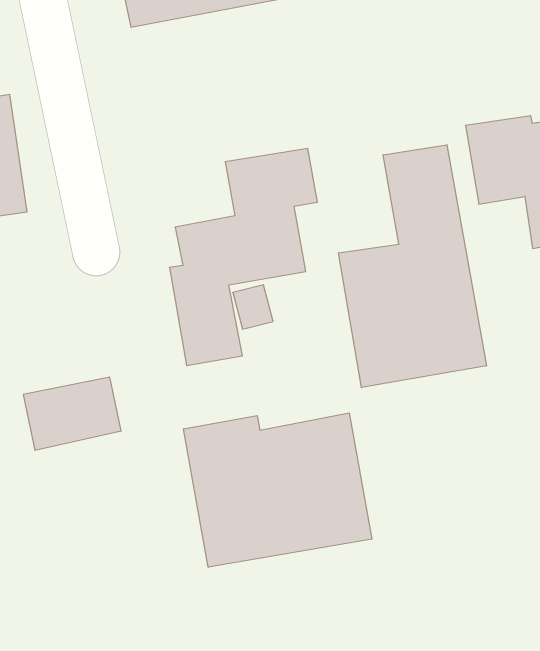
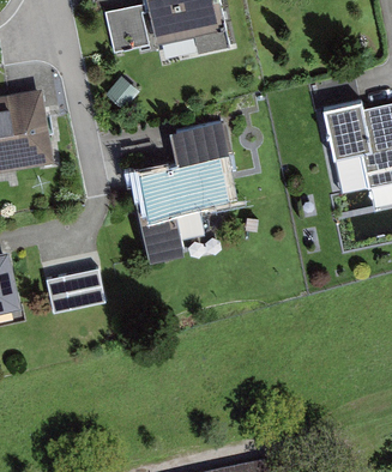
building: [339,145,487,388] -> none
building: [184,413,372,567] -> none

